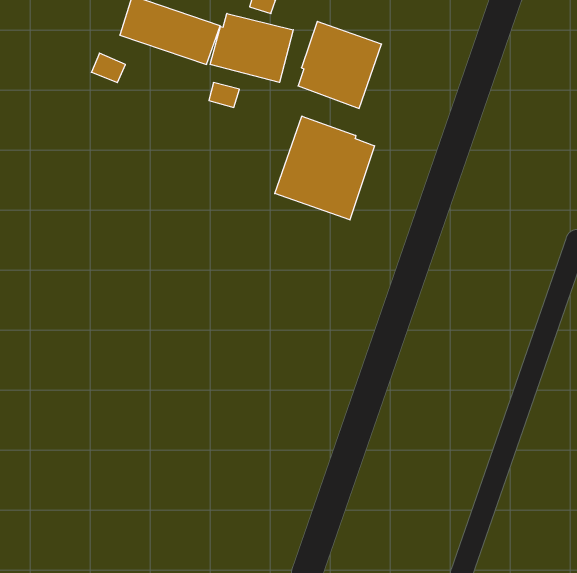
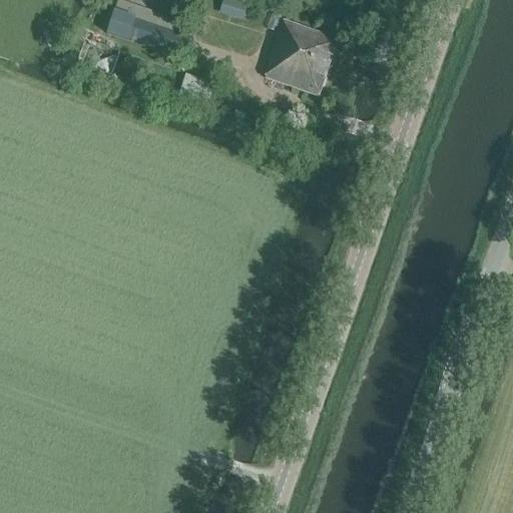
building: [210,13,293,82] -> none
building: [275,116,375,220] -> none

